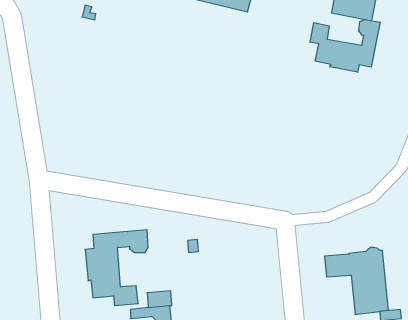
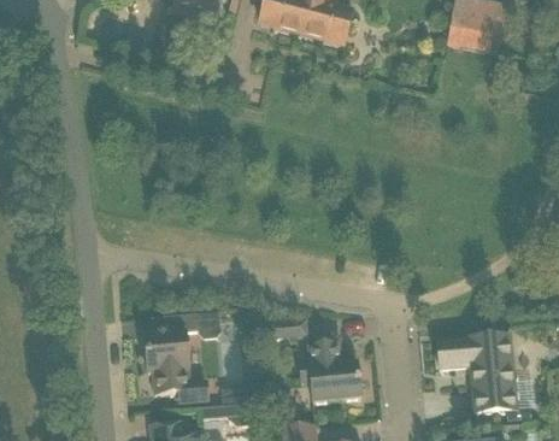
building: [310,20,380,72] -> none
building: none -> [299,340,360,400]

